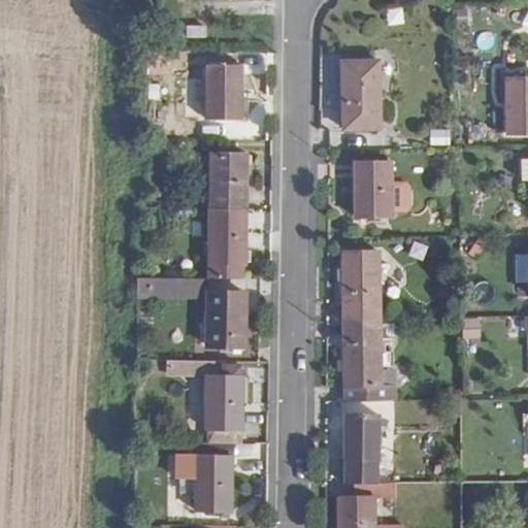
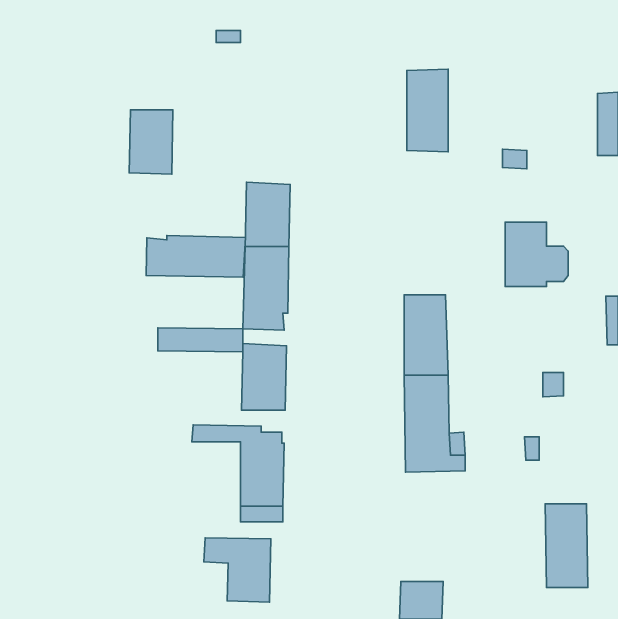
building: [203,64,240,119] -> [129,110,173,174]
building: [355,161,408,216] -> [505,222,568,286]
building: none -> [146,235,245,277]
building: [343,412,380,484] -> [545,504,588,587]

